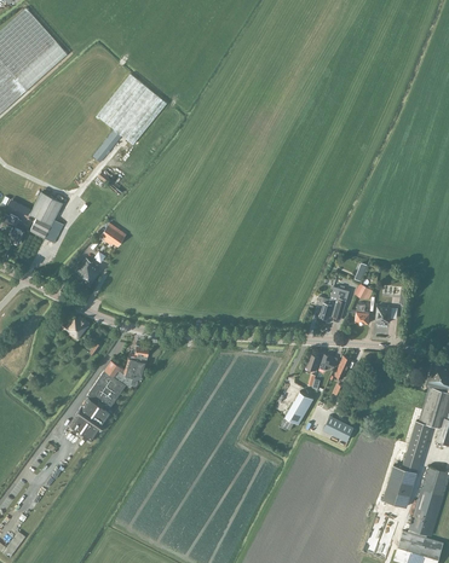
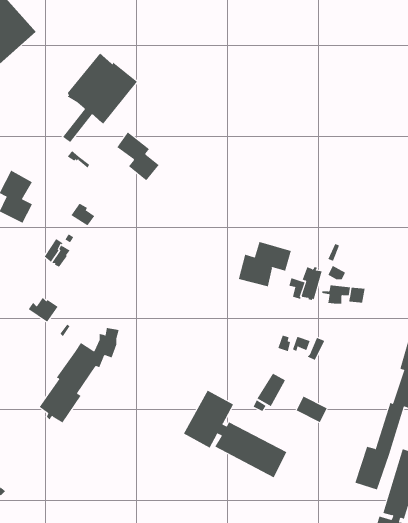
building: none -> [117,131,160,181]
building: none -> [238,241,292,287]
building: none -> [183,390,287,478]

